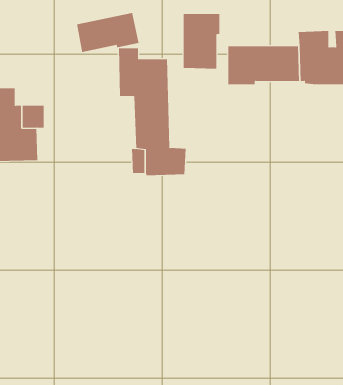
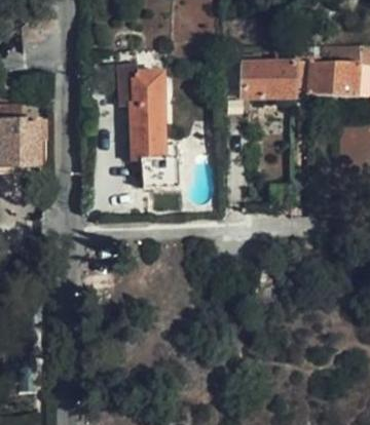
building: [77,12,139,53] -> none
building: [183,13,220,69] -> none

